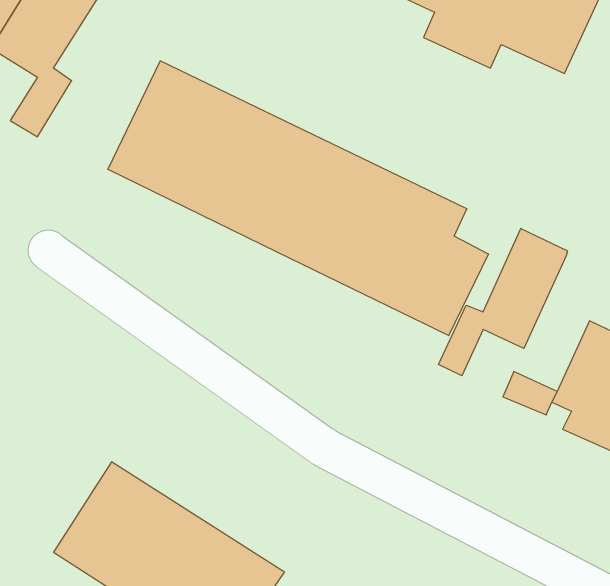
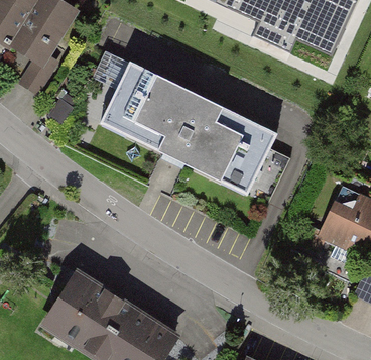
building: [439,228,567,376] -> none

